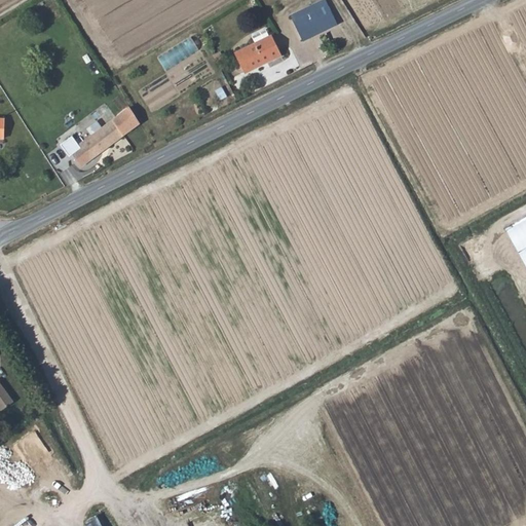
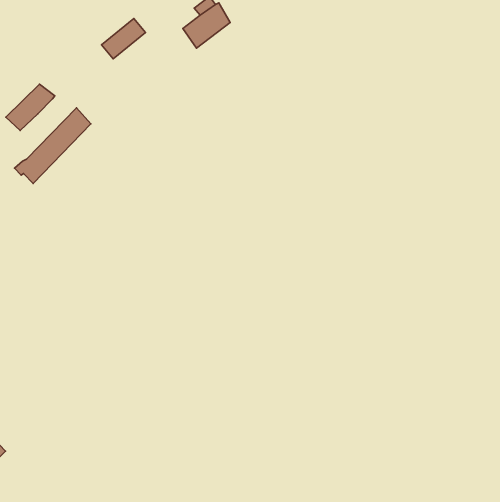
building: none -> [6,84,55,131]

